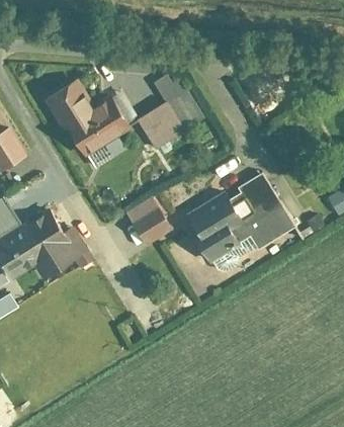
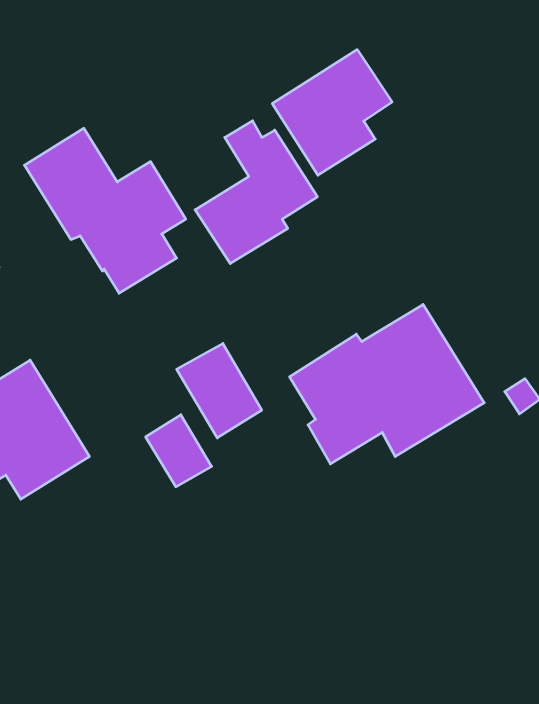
building: none -> [272,50,392,175]
building: none -> [146,415,212,487]

